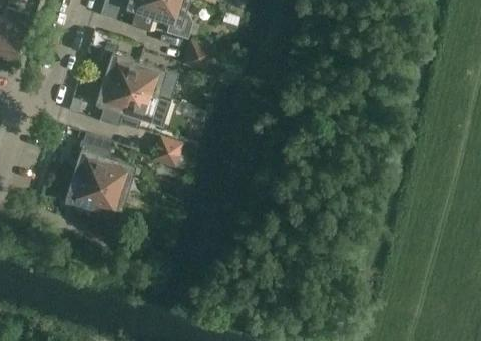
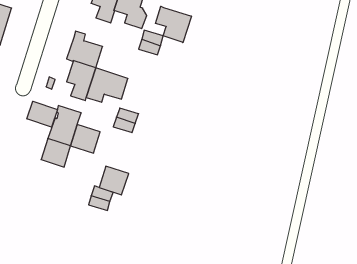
building: none -> [155,6,191,43]
building: [130,61,178,100] -> none
building: none -> [27,101,57,127]
building: [91,183,127,218] -> [99,166,129,195]

